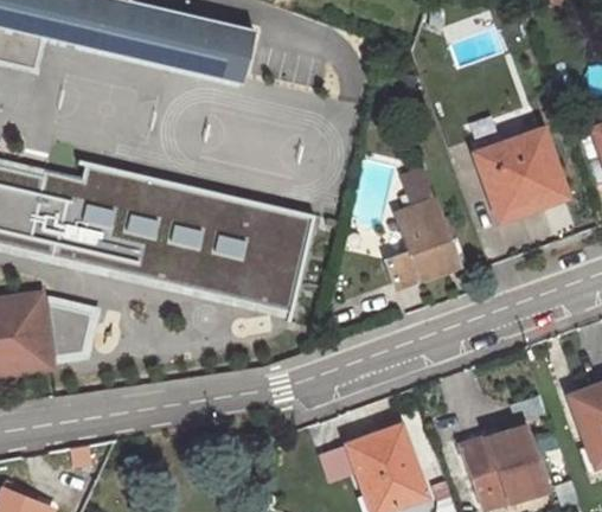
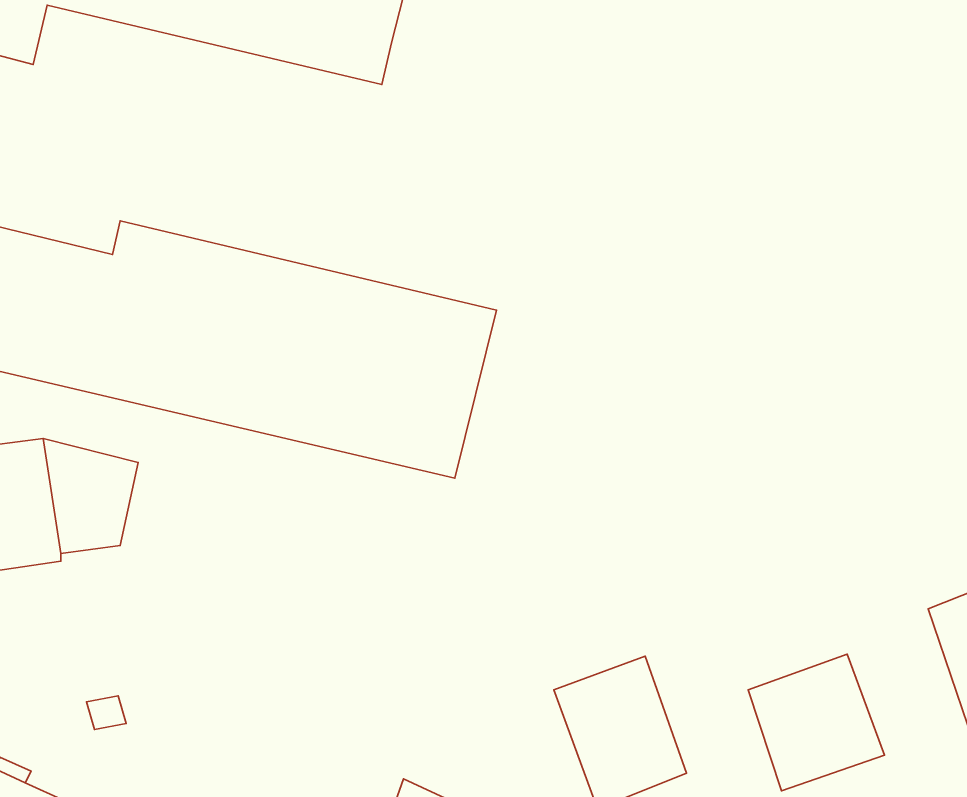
building: [475,128,566,218] -> none
building: [389,172,462,287] -> none

